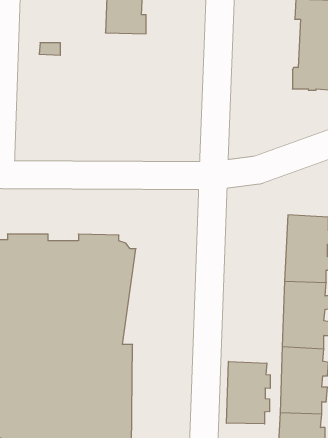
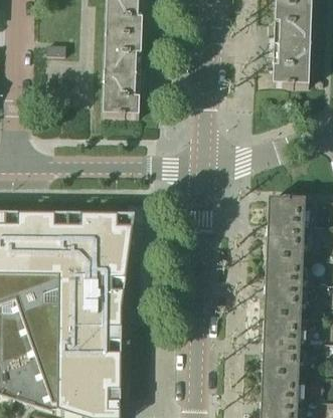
building: none -> [103,34,142,117]
building: [226,361,270,424] -> none

